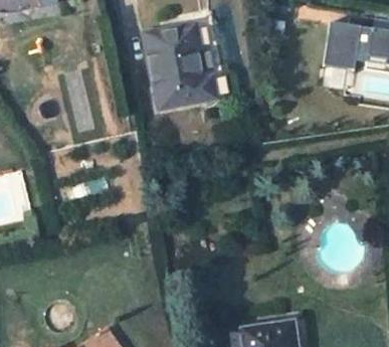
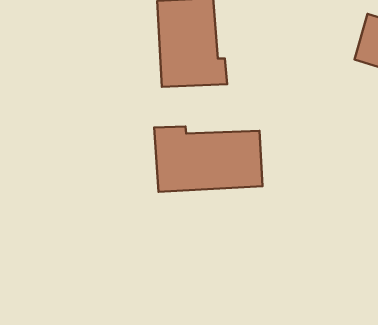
building: none -> [154,127,263,192]

